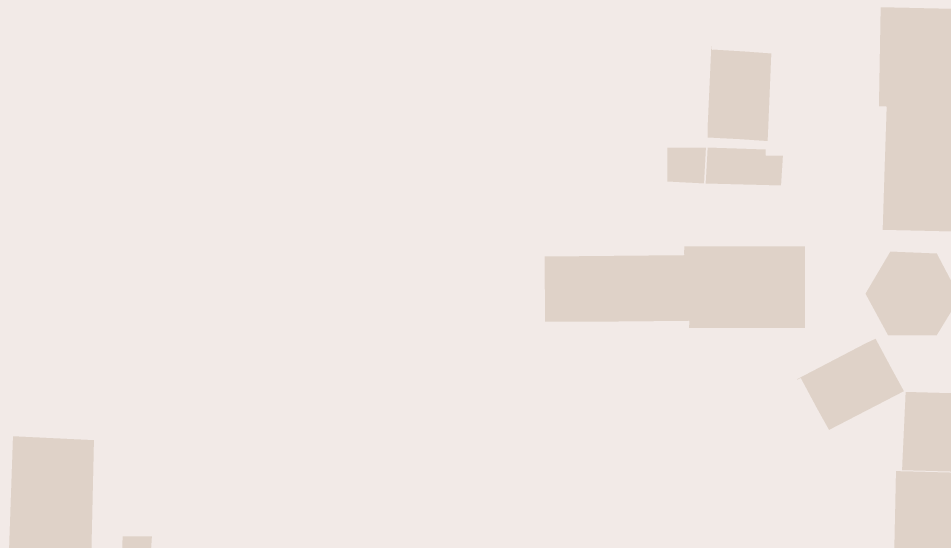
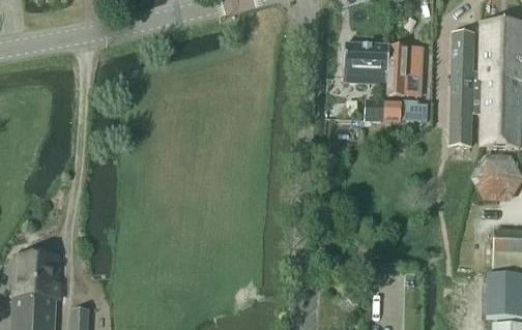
building: none -> [447,32,483,143]
building: none -> [344,42,388,87]
building: [544,245,806,329] -> none
building: [796,338,905,431] -> none

